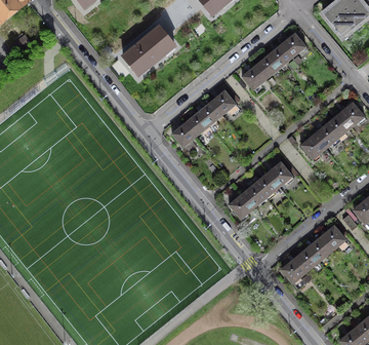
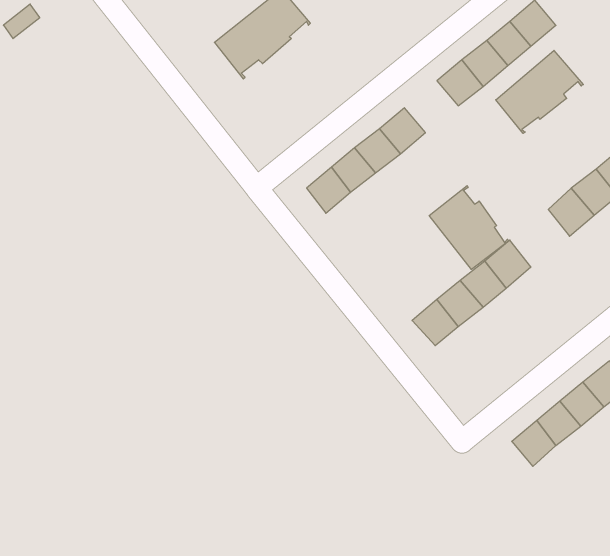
building: none -> [496,50,583,133]
building: none -> [429,186,509,269]

